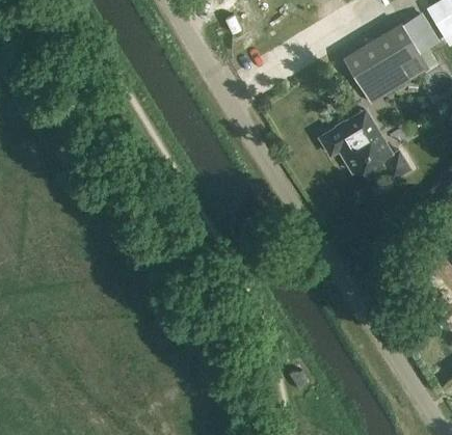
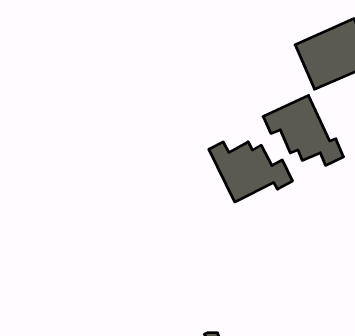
building: none -> [209,142,292,202]

